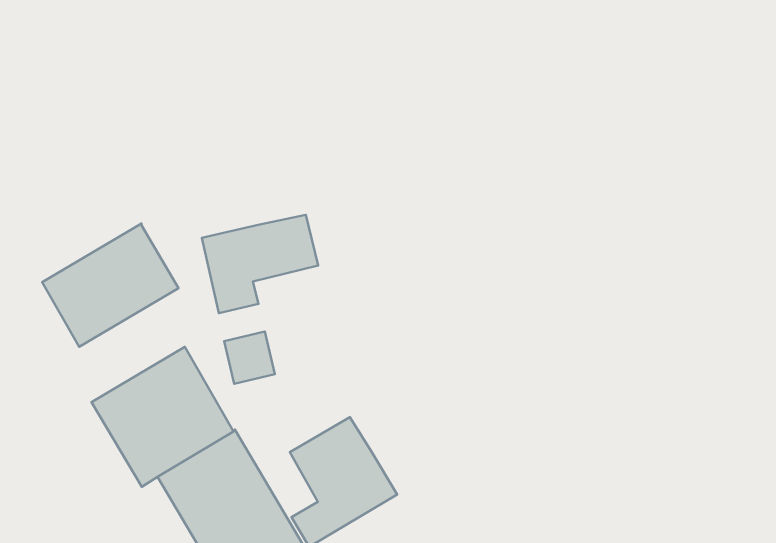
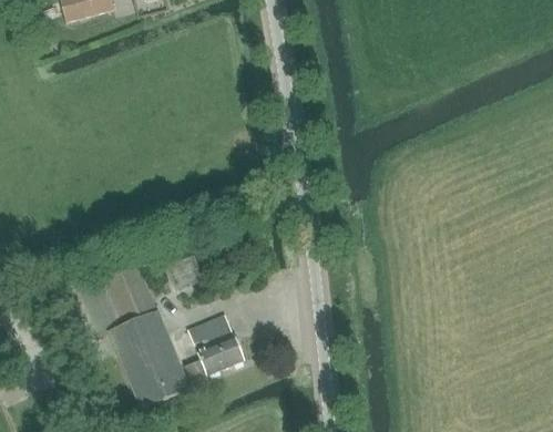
building: [202,215,318,313] -> none
building: [42,224,178,347] -> none

